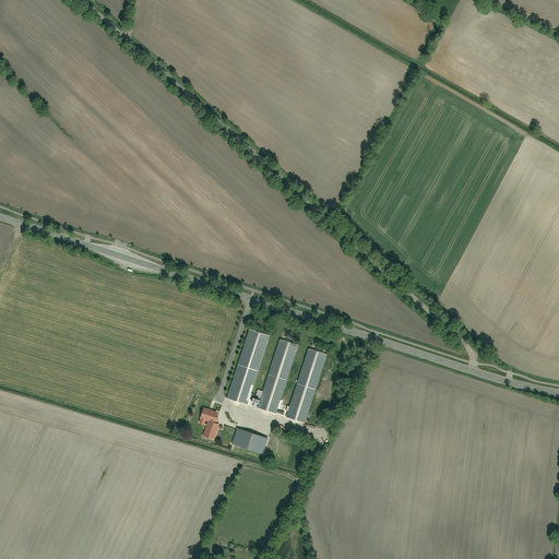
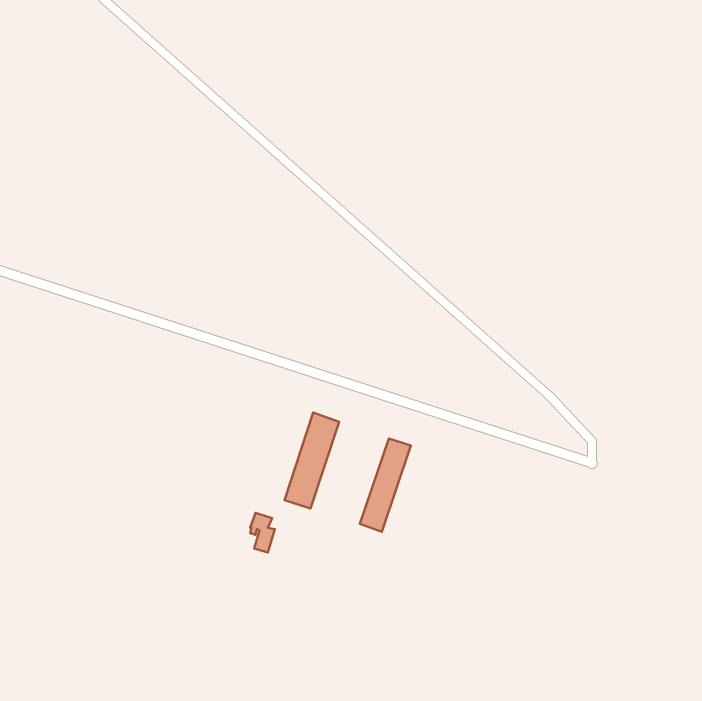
building: [258,340,298,415] -> none
building: [231,428,266,454] -> none

